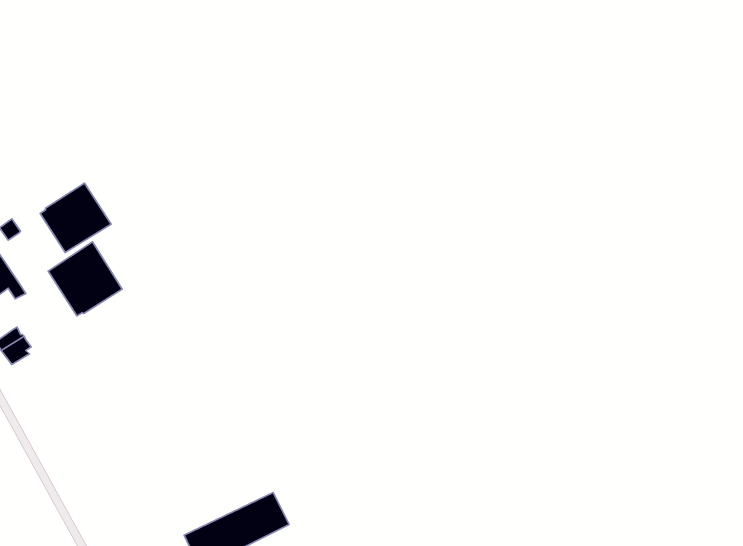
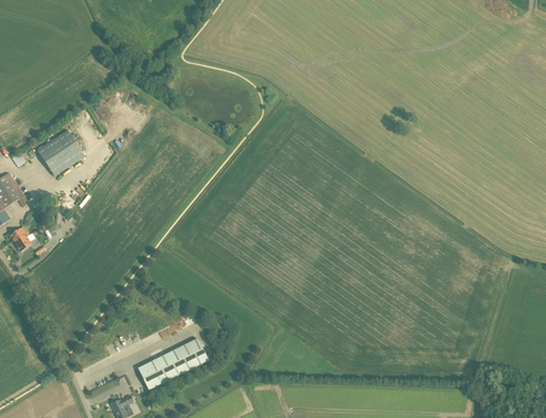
building: [48,242,122,316] -> none

